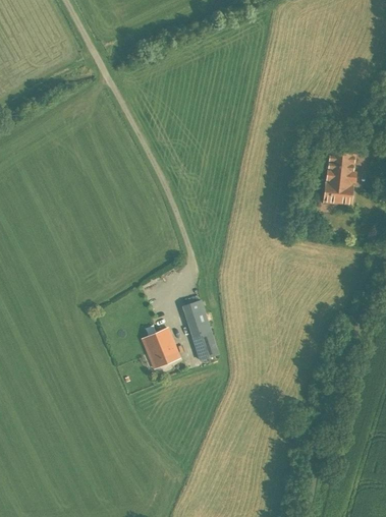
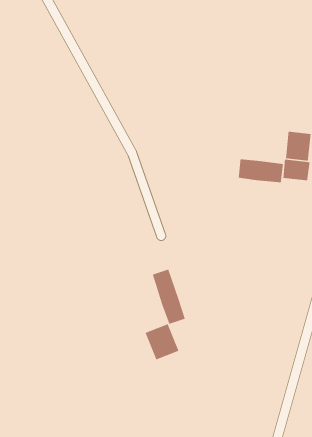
building: none -> [238,159,284,183]
building: [142,328,179,368] -> [145,323,179,361]

